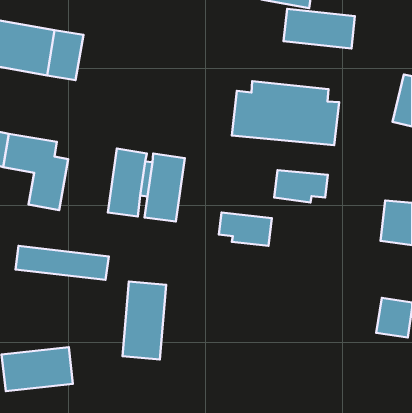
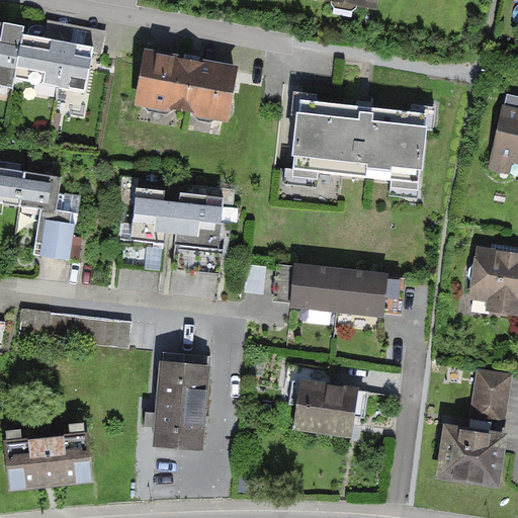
building: [284,9,355,48] -> none
building: none -> [138,54,232,116]
building: [274,170,328,202] -> [335,272,402,313]
building: none -> [283,362,354,433]
building: none -> [438,428,501,483]

